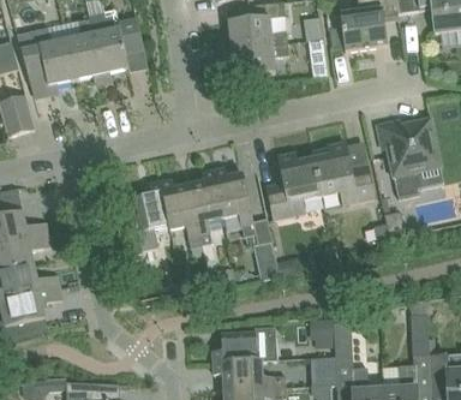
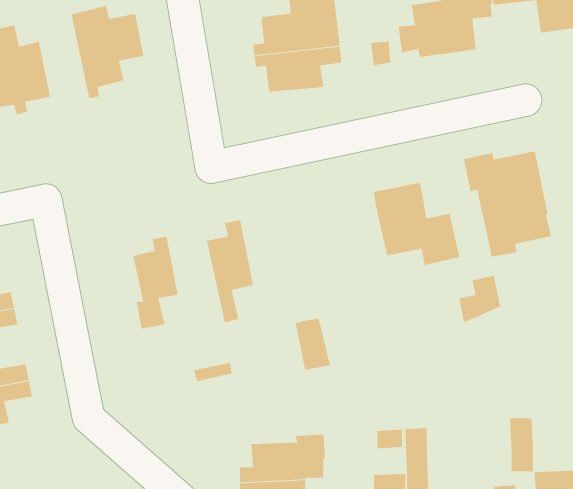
building: [66,19,102,84] -> none
building: [265,154,321,220] -> none
building: [214,168,257,247] -> none
building: [160,180,202,249] -> none

